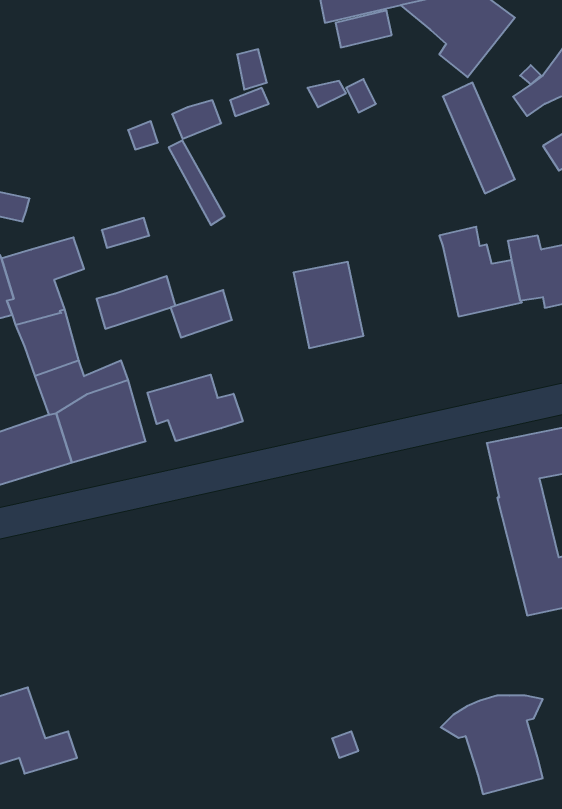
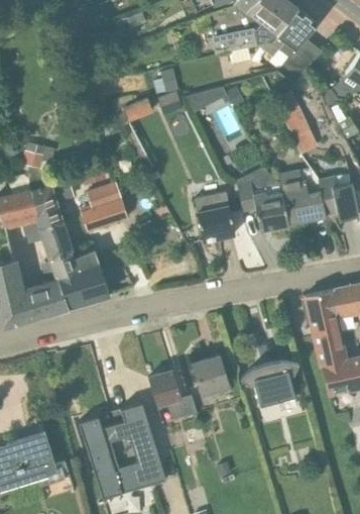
building: none -> [237,169,289,229]
building: [170,290,232,338] -> [87,183,122,210]
building: [147,375,243,441] -> none
building: none -> [193,355,230,395]
building: none -> [148,371,198,421]
building: none -> [79,404,166,500]
building: [441,696,543,794] -> [240,362,298,418]

